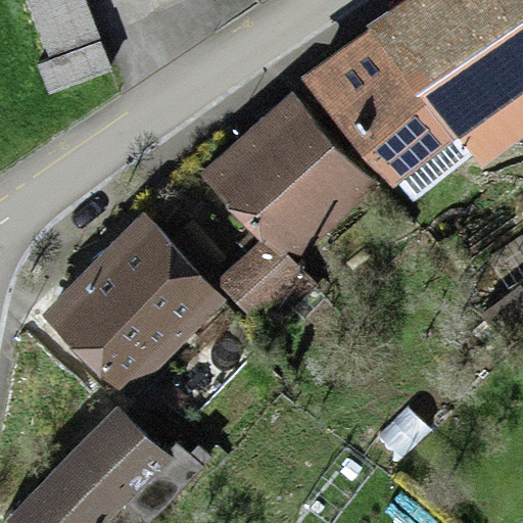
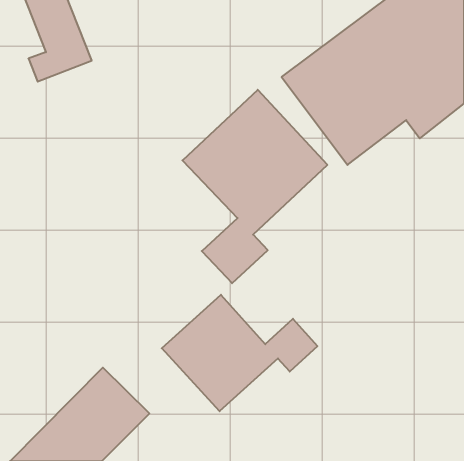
building: [48,226,209,385] -> none
building: none -> [162,295,317,411]

